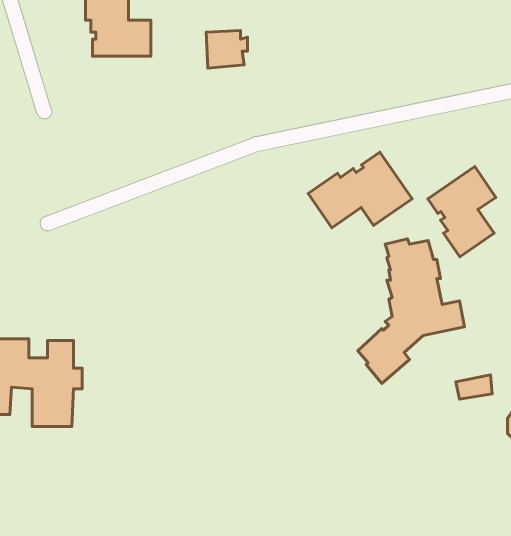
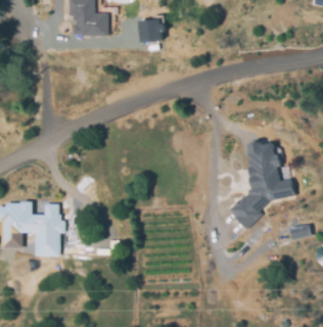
building: [308,152,412,228] -> none
building: [428,167,496,257] -> none

